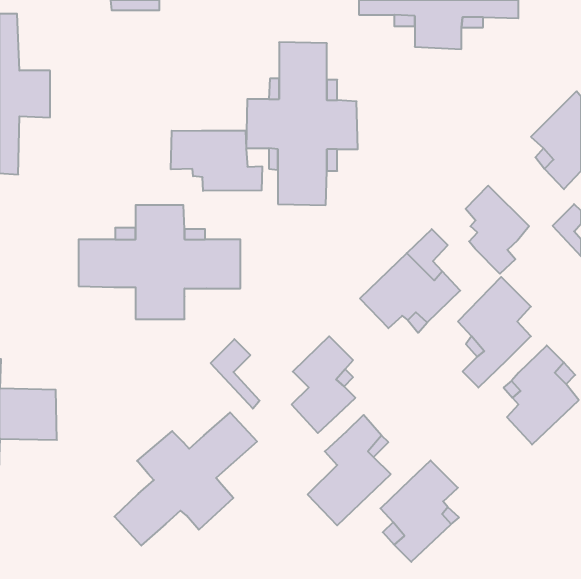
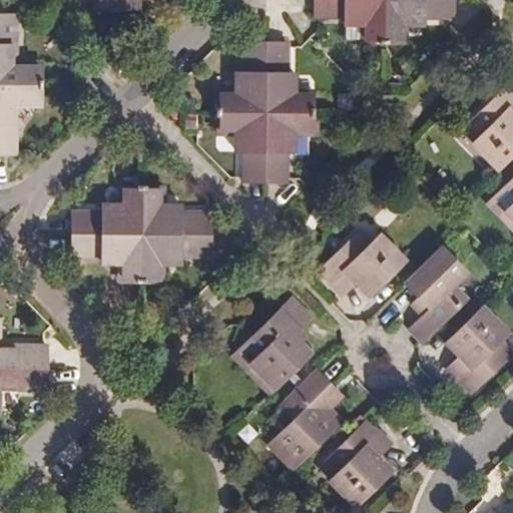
building: [171,131,262,191] -> none
building: [466,186,529,274] -> none
building: [211,339,260,409] -> [236,330,280,391]
building: [114,412,257,546] -> none

